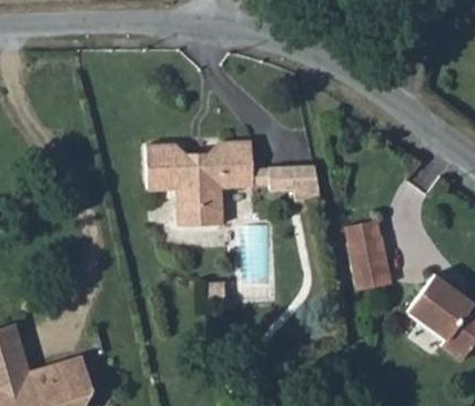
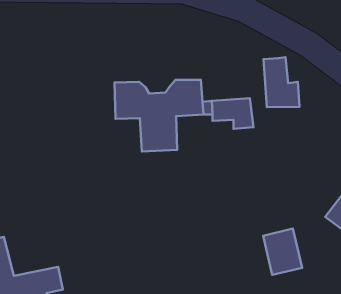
building: none -> [263,57,299,107]
building: [346,231,394,287] -> [263,229,302,275]

